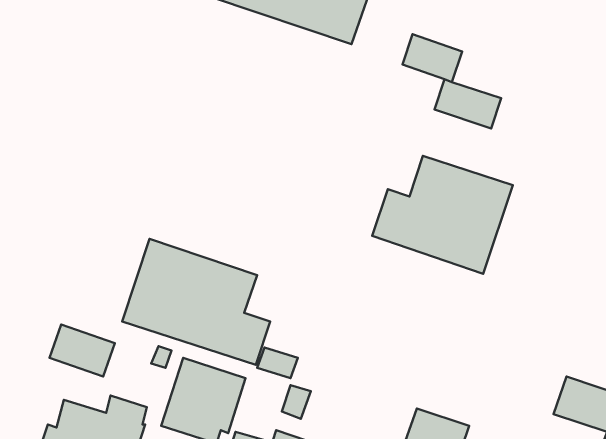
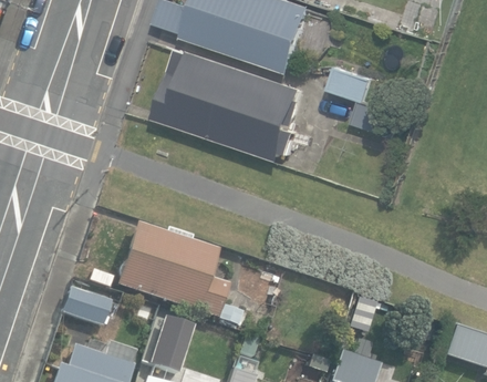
building: none -> [156,50,307,162]
building: [372,156,513,274] -> none

